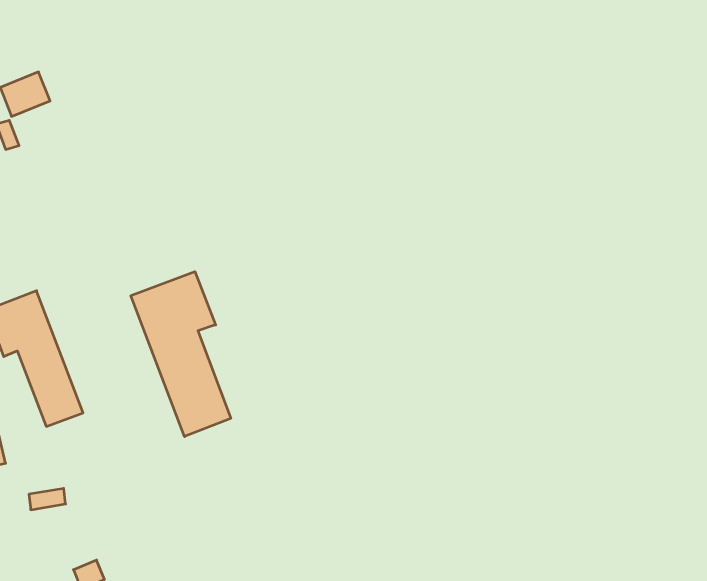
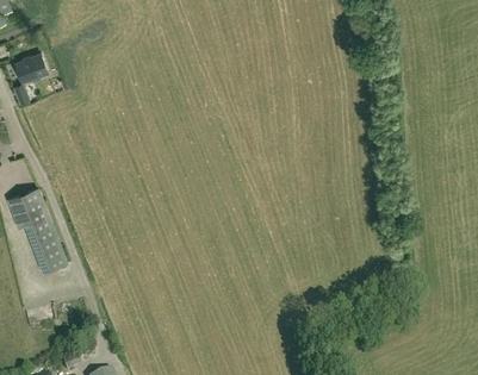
building: [131,272,231,437] -> none

